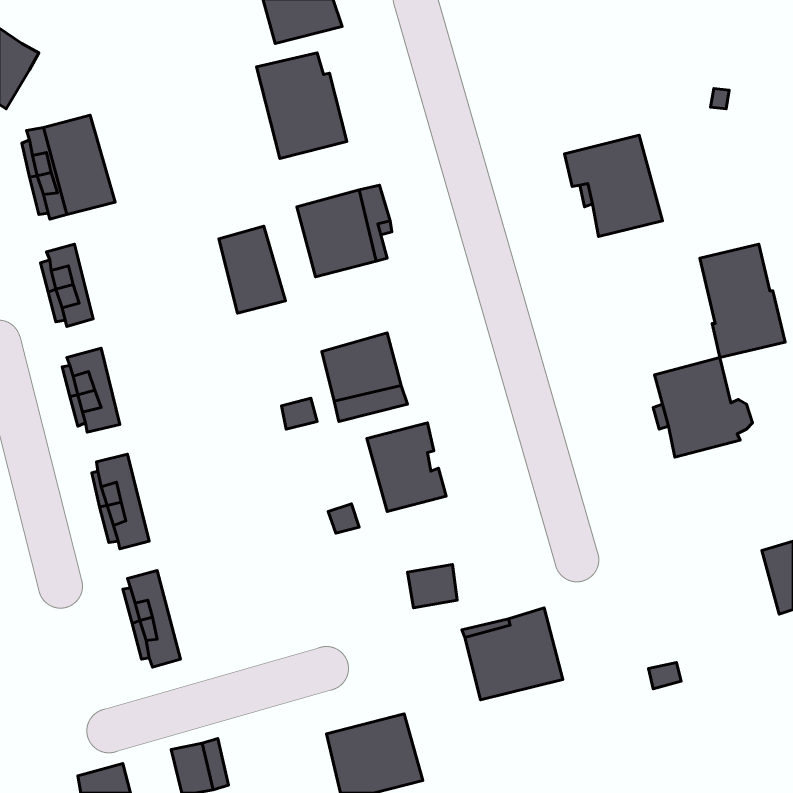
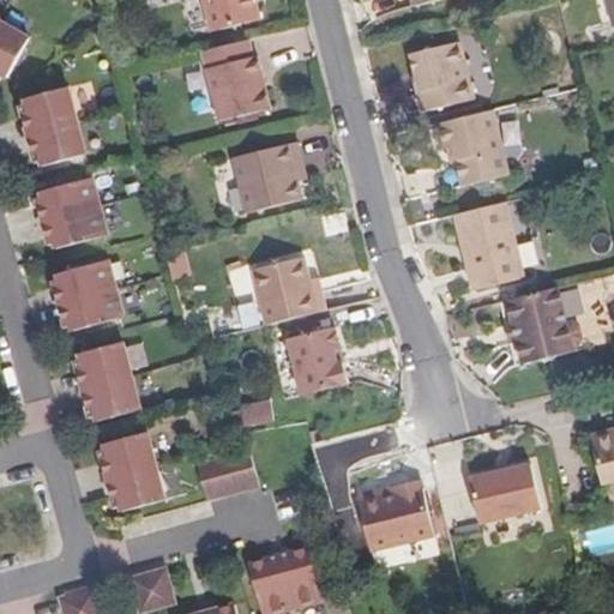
building: none -> [411,37,475,107]
building: [219,226,286,313] -> [58,179,109,246]
building: [700,244,785,358] -> [457,197,523,284]
building: none -> [78,263,118,327]
building: none -> [98,343,143,417]
building: none -> [121,433,167,508]
building: none -> [468,451,542,513]
building: none -> [199,453,261,502]

